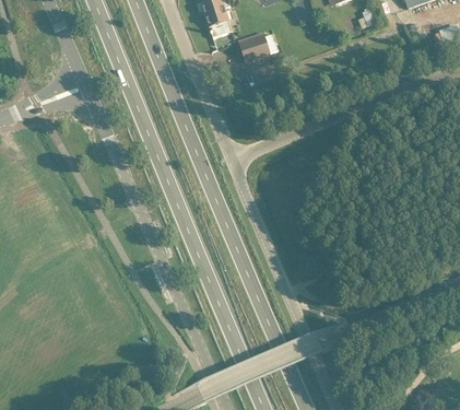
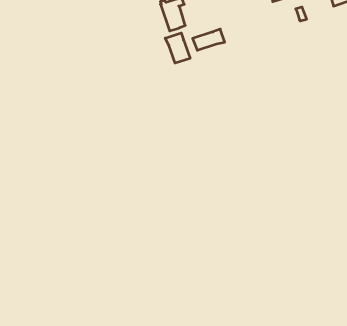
building: none -> [165,33,190,63]

